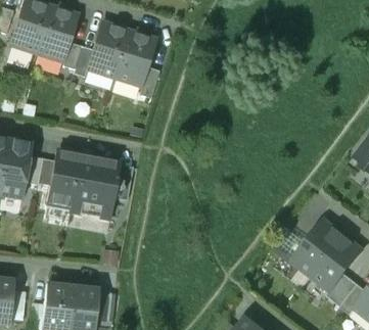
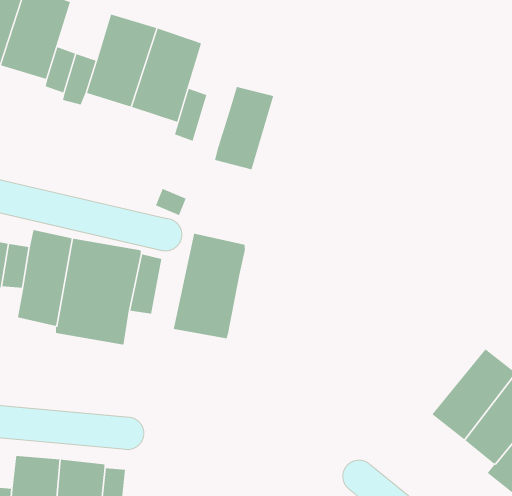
building: none -> [214,86,274,170]
building: none -> [173,233,245,339]

